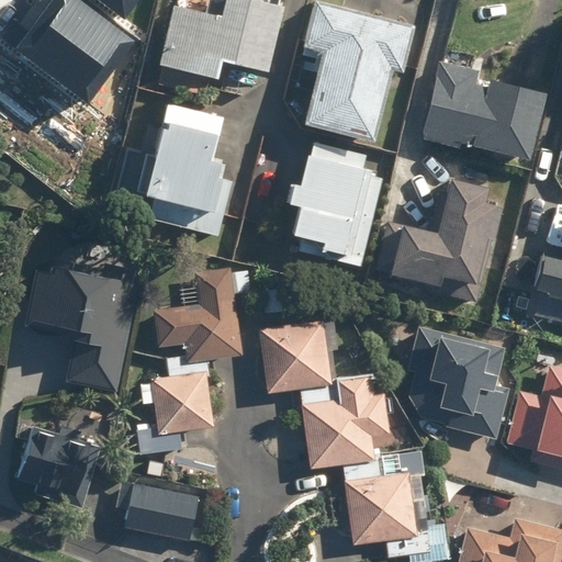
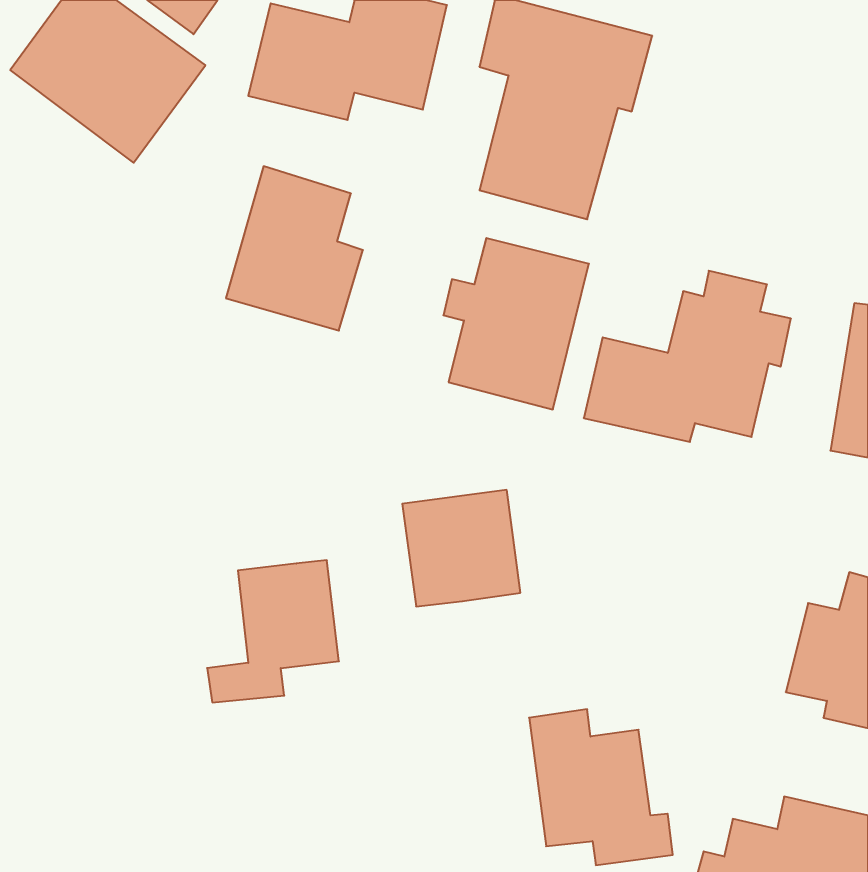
building: [422,67,548,161] -> none
building: [31,259,138,392] -> none
building: [148,268,251,363] -> none
building: [402,324,512,438] -> none
building: [296,376,390,467] -> none
building: [15,419,92,501] -> none
building: [126,484,194,539] -> none

